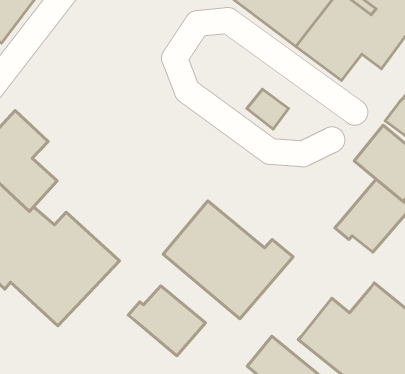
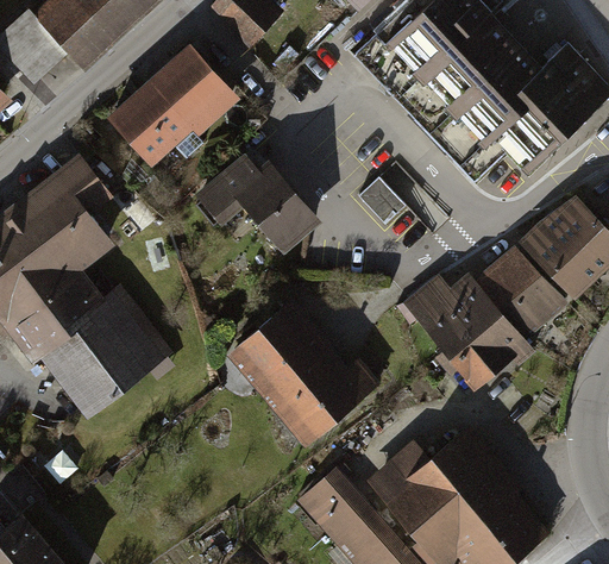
building: none -> [106,43,239,167]
building: none -> [195,152,321,255]
building: none -> [402,274,496,352]
building: [128,286,205,356] -> none

